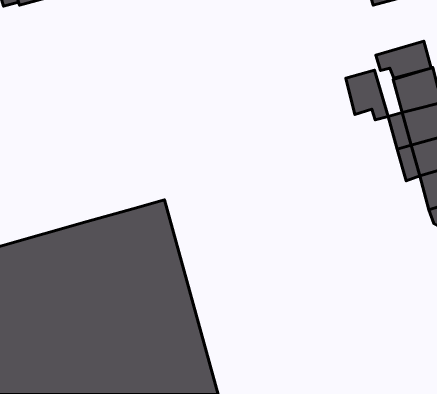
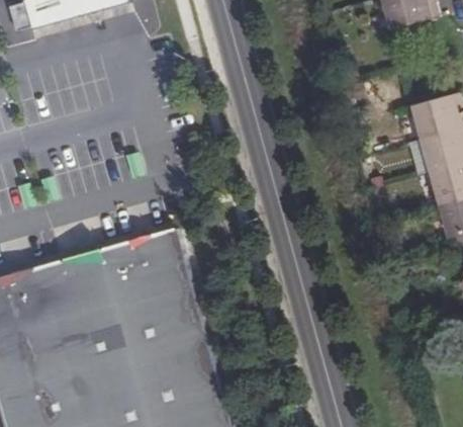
building: [376,41,431,78] -> none
building: [346,70,388,120] -> none

